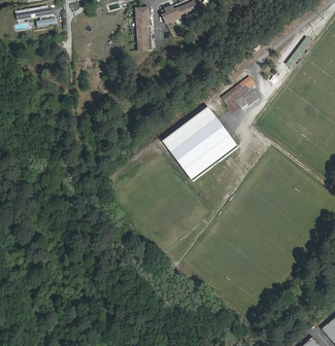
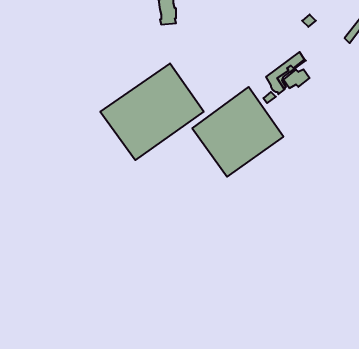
building: none -> [100,63,204,160]

